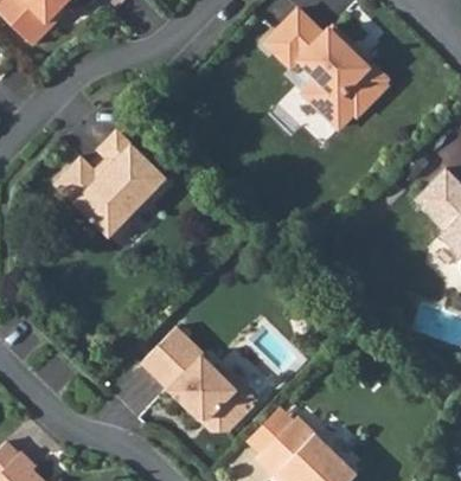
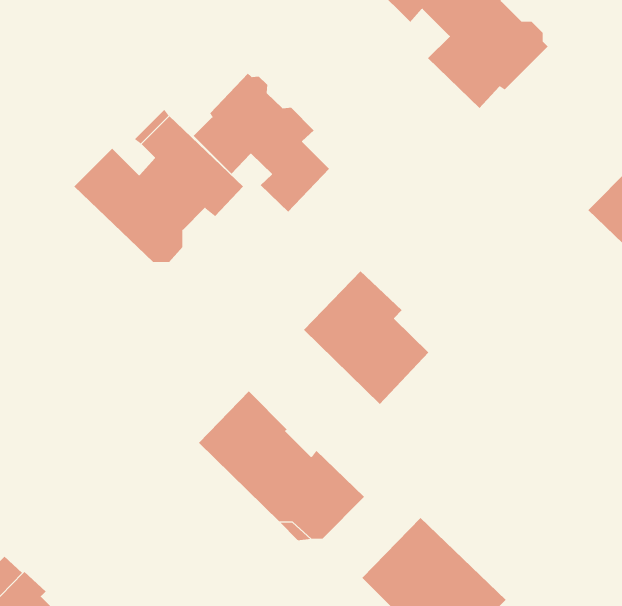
building: none -> [193,73,330,212]
building: none -> [303,270,429,405]

